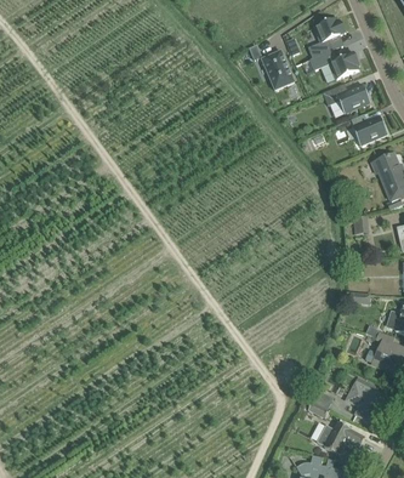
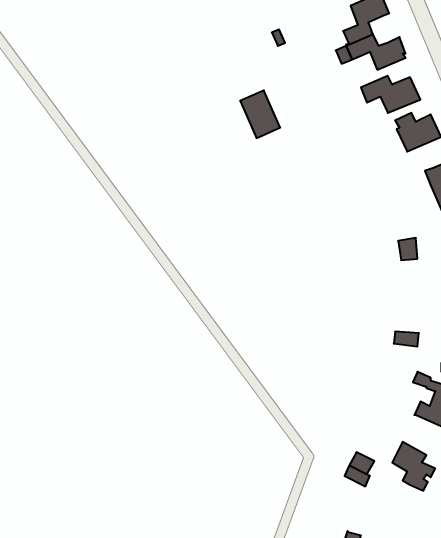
building: [261,50,294,89] -> [240,90,280,138]
building: [315,421,364,453] -> none

